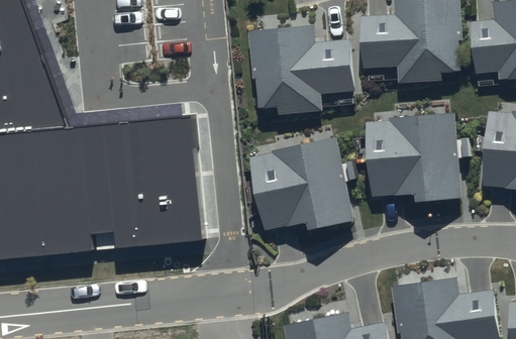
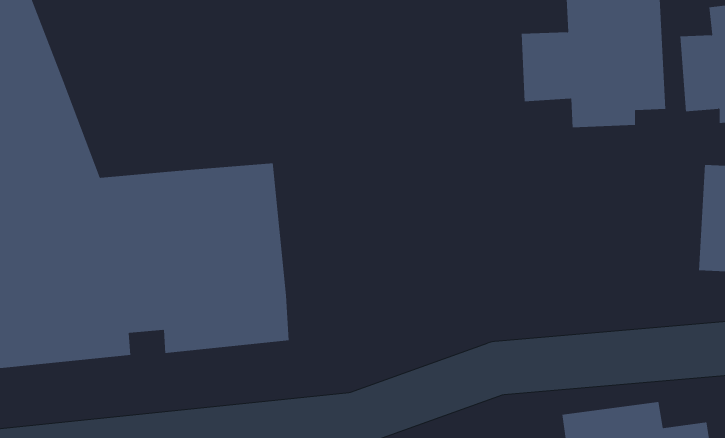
building: [251,29,356,118] -> none
building: [369,117,469,208] -> none
building: [253,142,358,235] -> none

